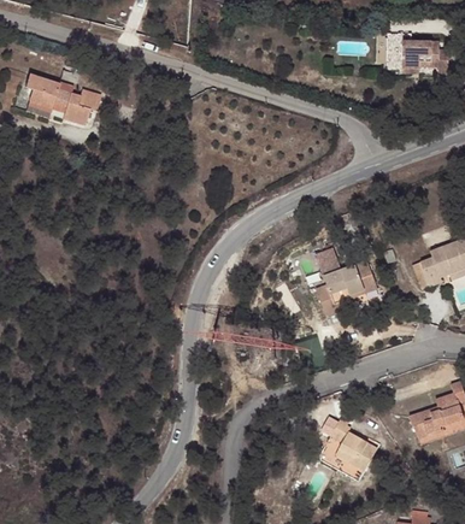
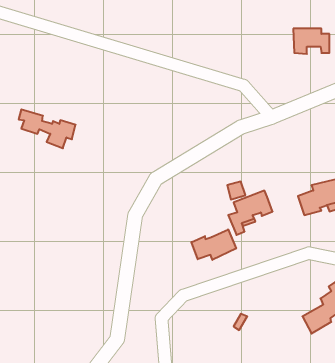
building: [24,73,100,125] -> [19,109,76,148]
building: none -> [191,229,236,260]
building: [329,434,369,469] -> none

